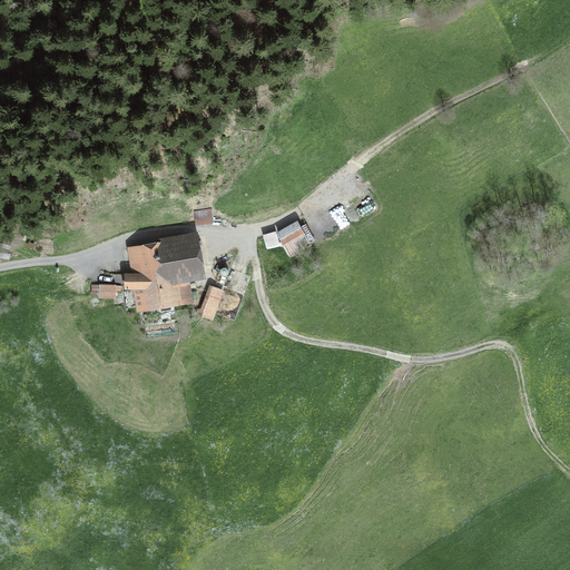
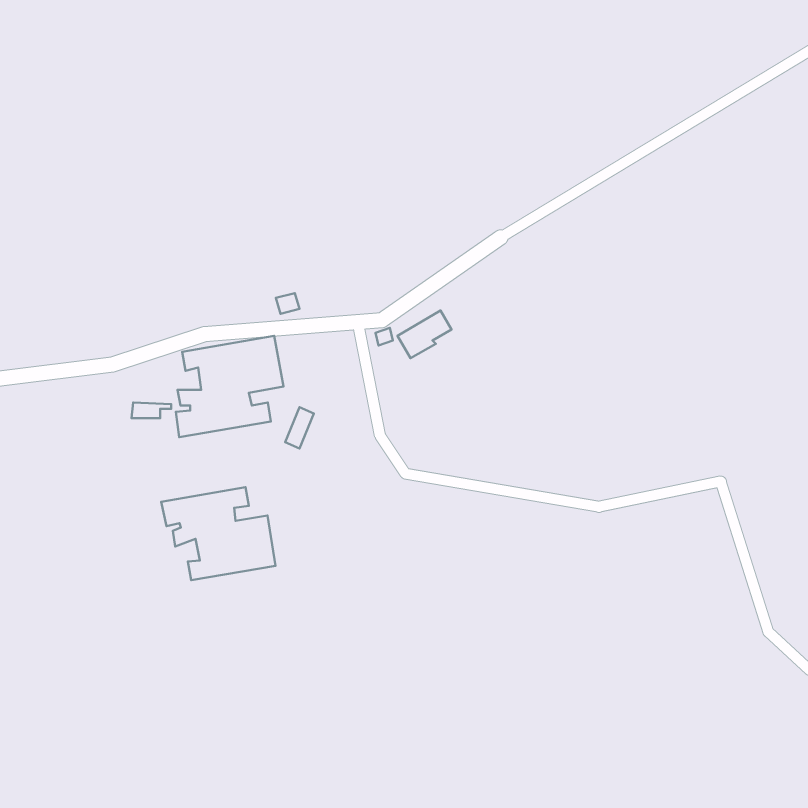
building: none -> [161,487,275,580]

